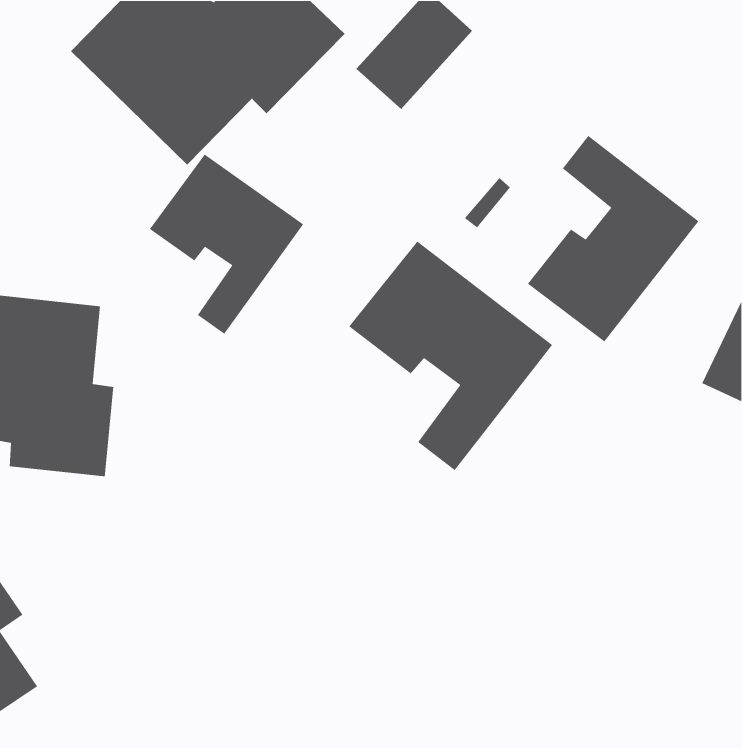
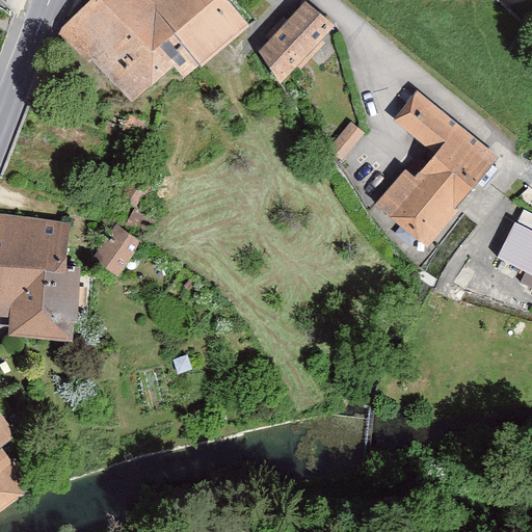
building: [149,153,304,335] -> none
building: [348,240,553,471] -> none
building: none -> [92,227,142,277]

